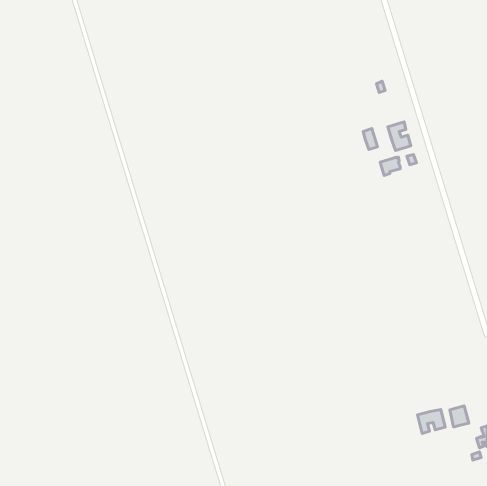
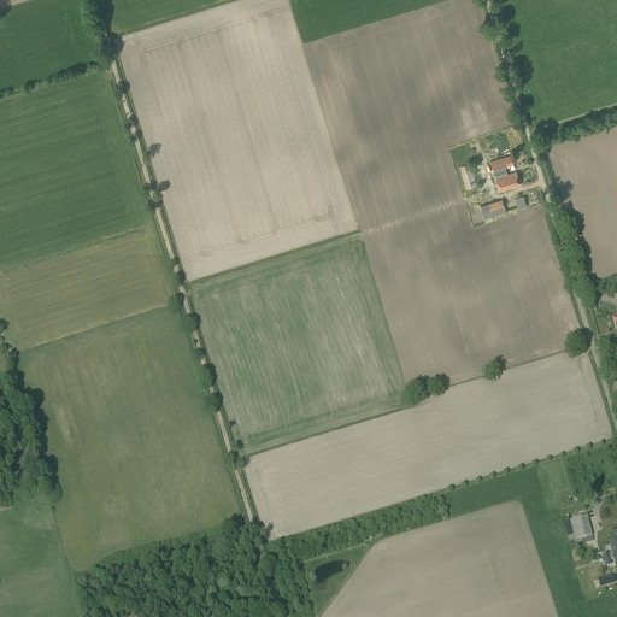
building: [417,409,445,433] -> none

